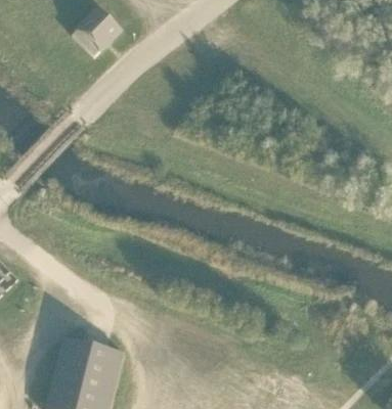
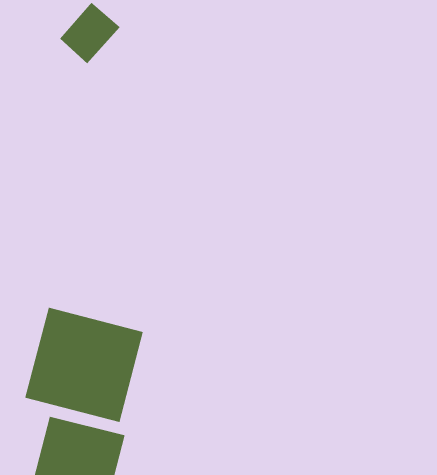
building: none -> [24,307,144,423]

